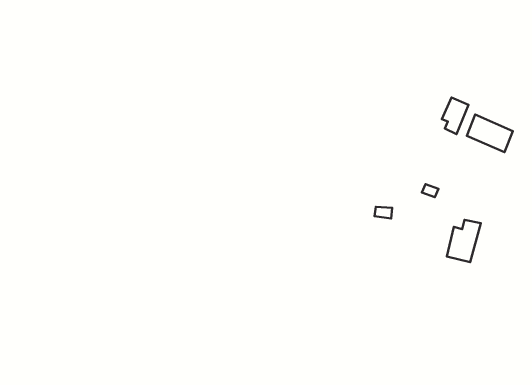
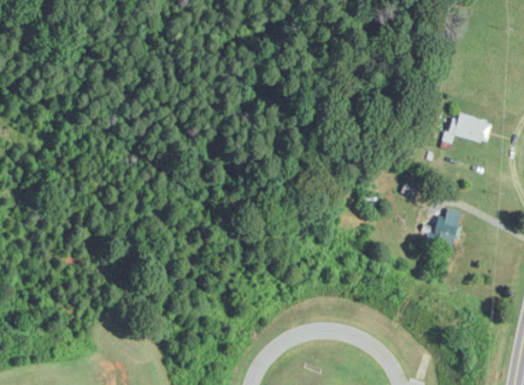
building: [442,97,469,134] -> none

